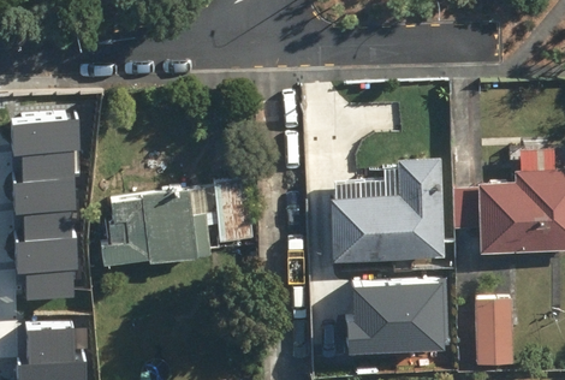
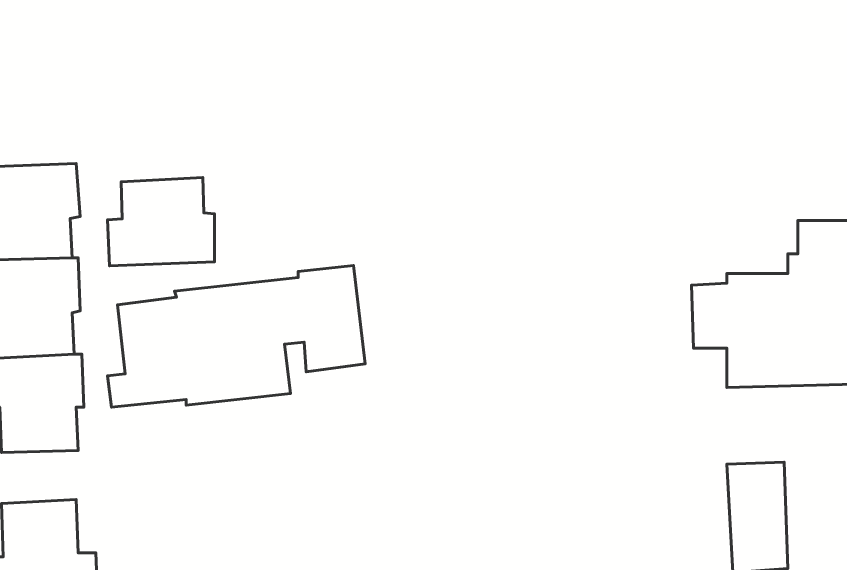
building: none -> [108,178,214,266]
building: [328,156,451,263] -> none
building: [346,279,442,349] -> none

